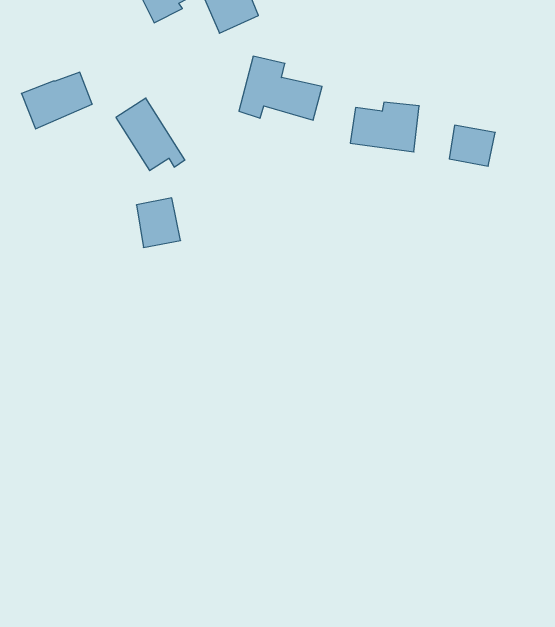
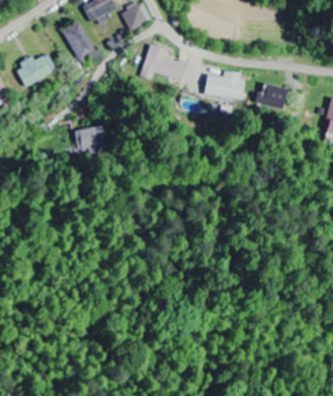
building: [116,98,185,171] -> [61,20,100,62]

